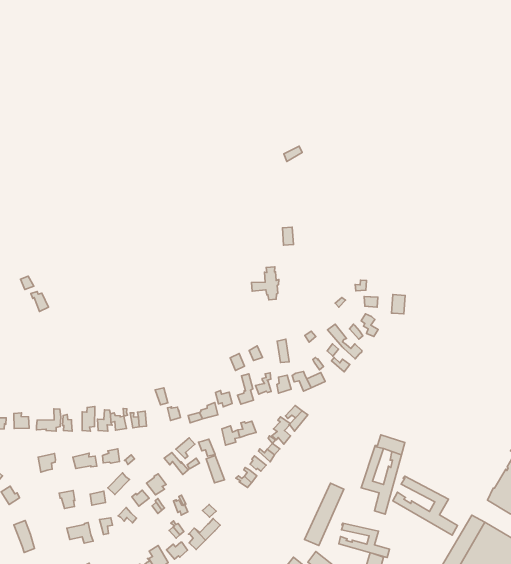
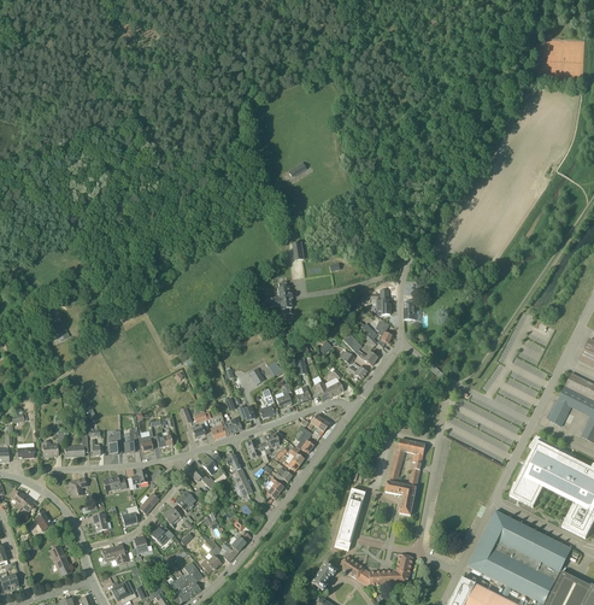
building: [393,476,457,535] -> none
building: [339,523,389,557] -> none

